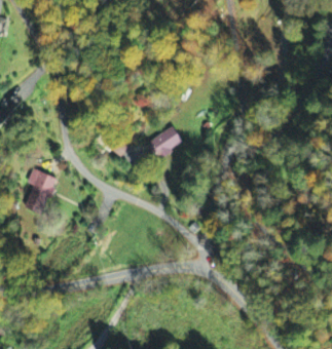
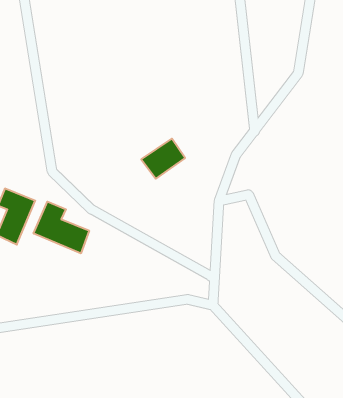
building: none -> [34,202,89,253]

